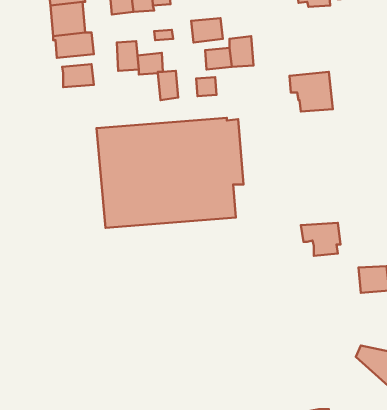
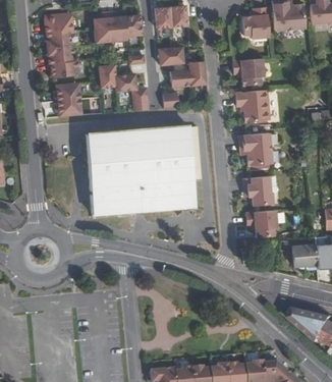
building: none -> [233,57,265,86]
building: none -> [56,100,81,118]
building: none -> [239,132,271,165]
building: none -> [242,175,274,205]

